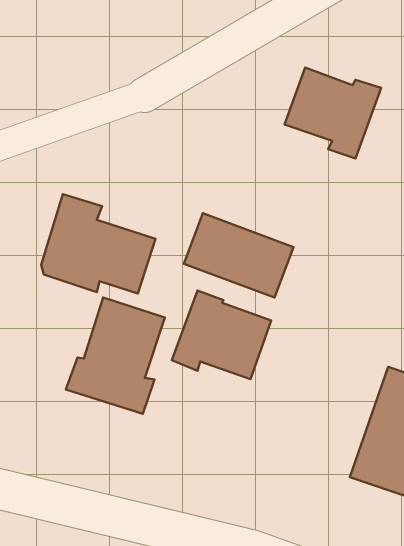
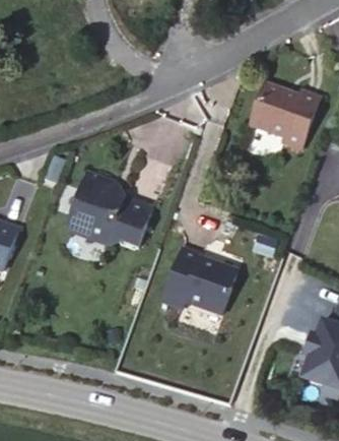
building: [184,213,294,298] -> none
building: [66,297,165,414] -> none

